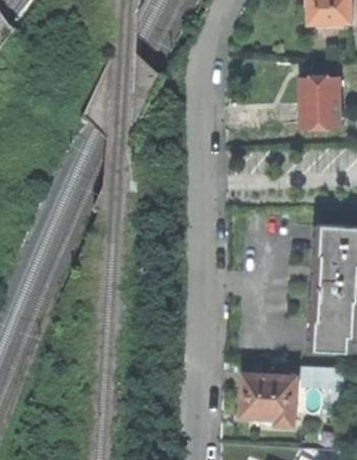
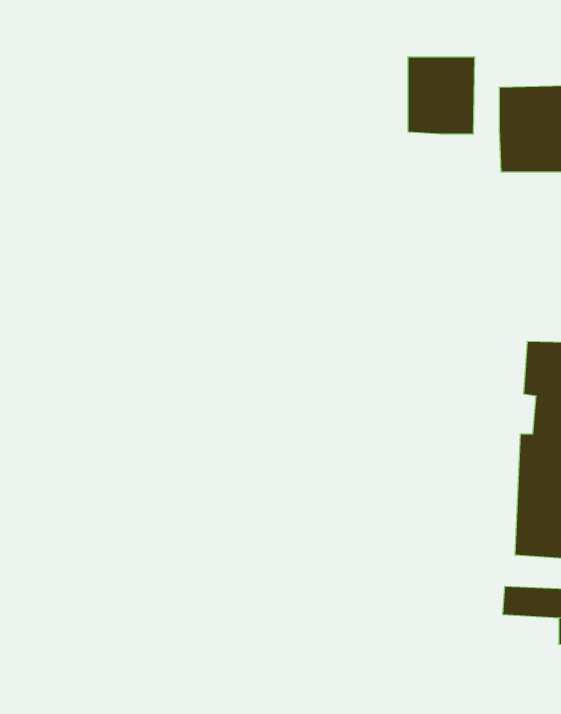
building: none -> [408,57,475,134]
building: [241,364,297,426] -> none

